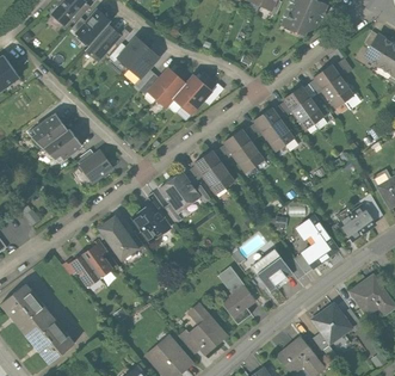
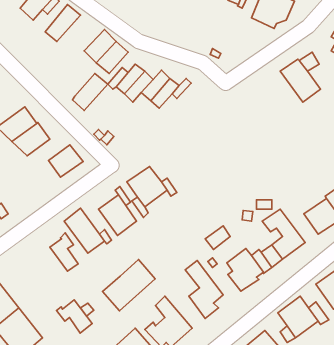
building: [86,24,122,61] -> [72,74,108,110]
building: [283,85,322,129] -> none
building: [252,107,292,152] -> none
building: [223,128,263,172] -> none
building: [193,149,234,193] -> none
building: [63,253,99,286] -> [56,300,92,333]
building: none -> [103,260,155,311]

